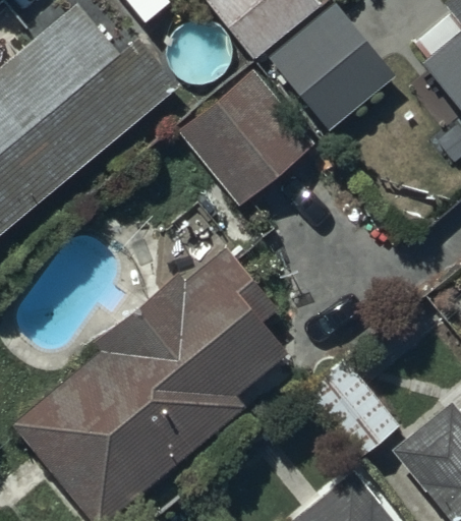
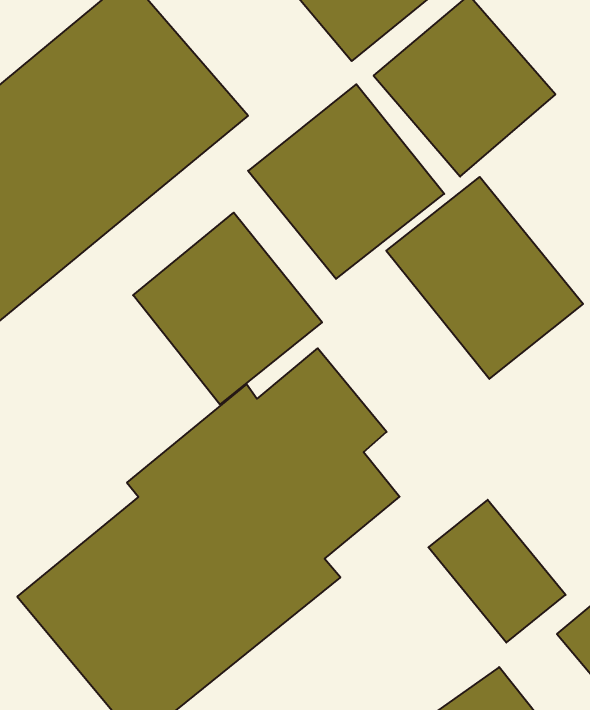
building: none -> [386,177,583,379]
building: none -> [133,213,322,405]

